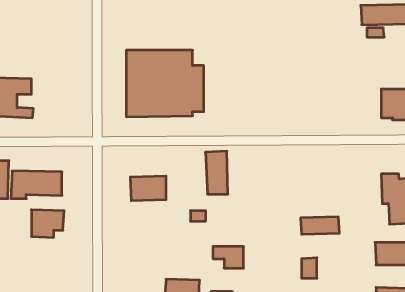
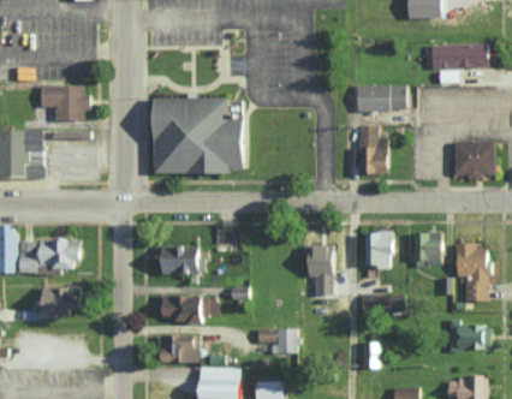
building: none -> [356,85,406,112]
building: none -> [41,88,91,123]
building: none -> [358,126,387,174]
building: [205,151,228,194] -> [306,245,333,296]
building: none -> [364,232,392,268]
building: none -> [413,233,441,267]
building: none -> [161,296,203,323]
building: none -> [159,335,198,364]

